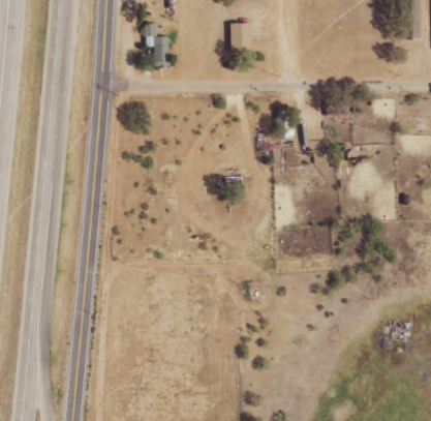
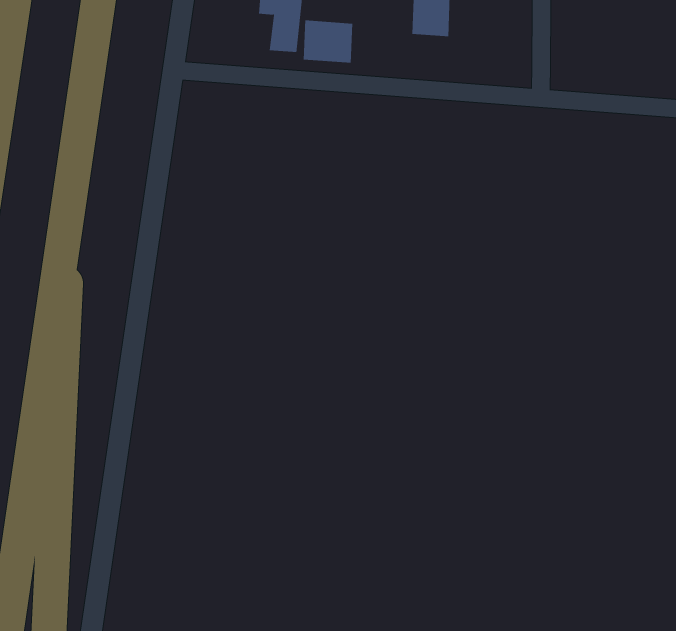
building: none -> [303,20,353,64]

